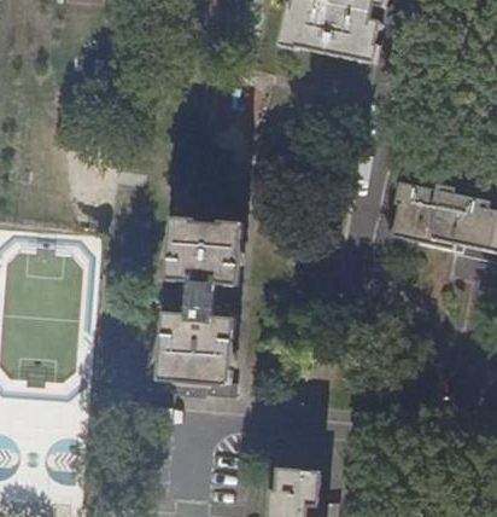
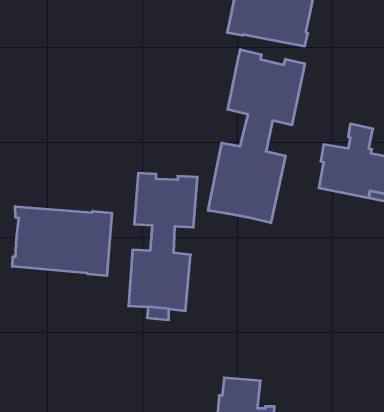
building: none -> [208,49,305,223]
building: none -> [12,206,112,276]

